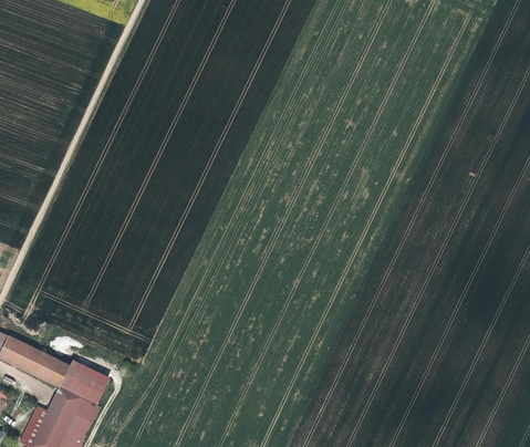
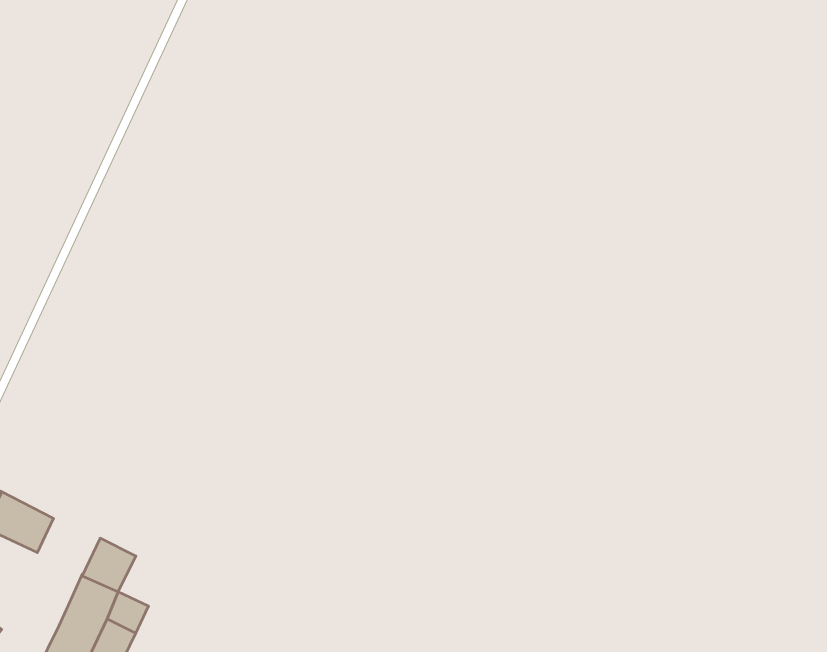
building: [29,351,66,385] -> none
building: [79,374,108,406] -> none

